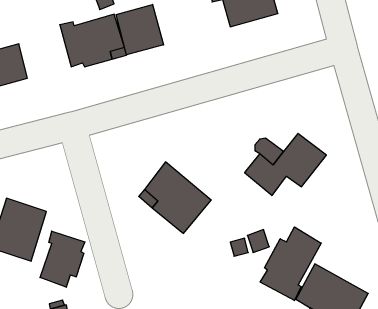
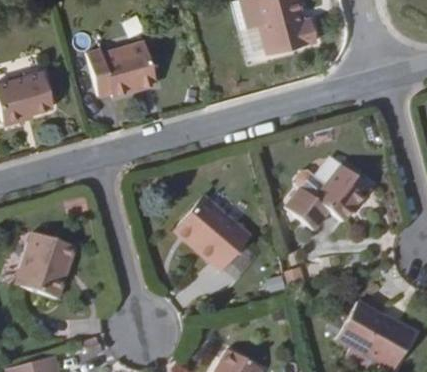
building: [116,4,164,55] -> none
building: [260,227,321,301] -> none
building: [40,231,85,287] -> none

